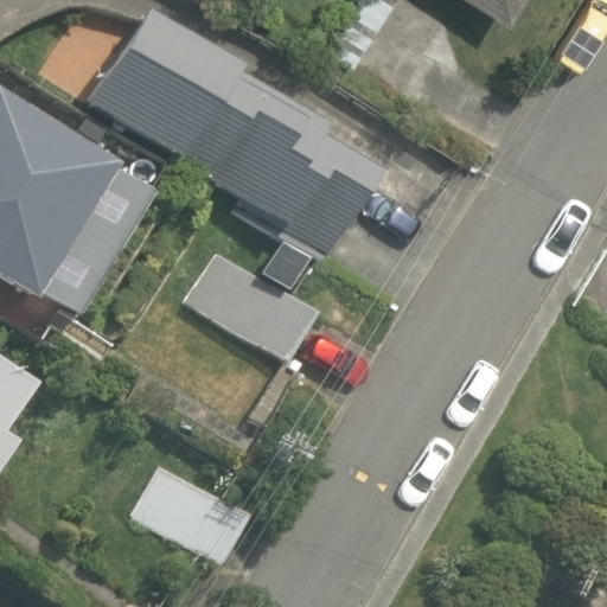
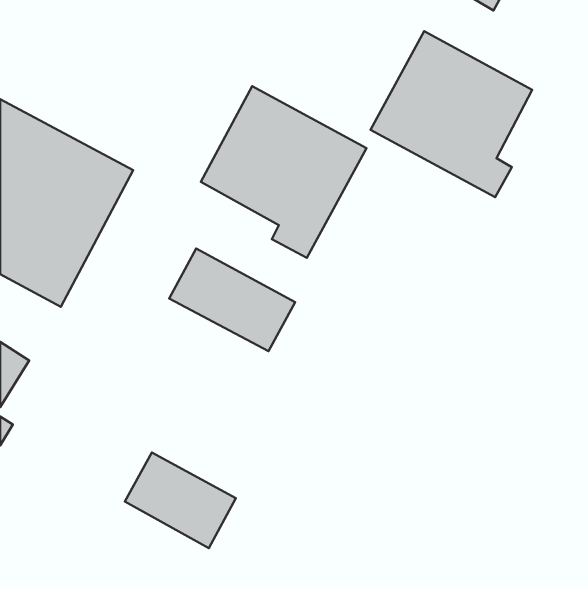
building: [84,19,264,185] -> none
building: none -> [371,31,532,197]

